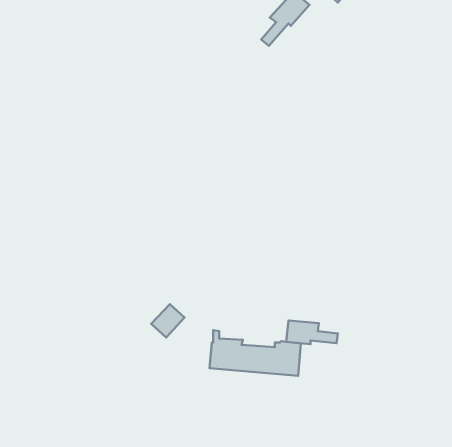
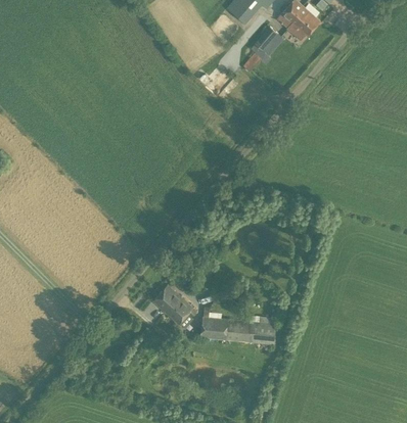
building: none -> [164,297,196,325]
building: [286,321,338,344] -> none

